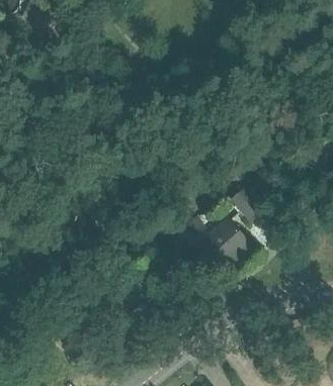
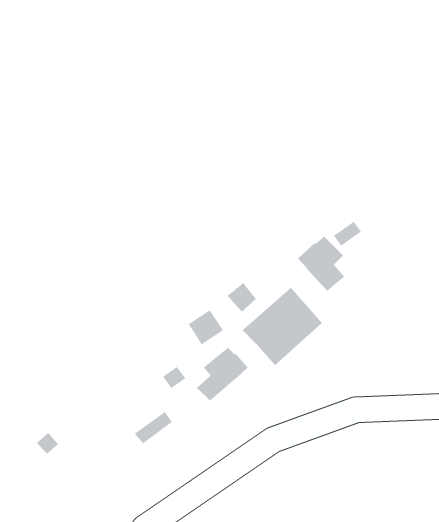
building: none -> [196,347,249,402]

